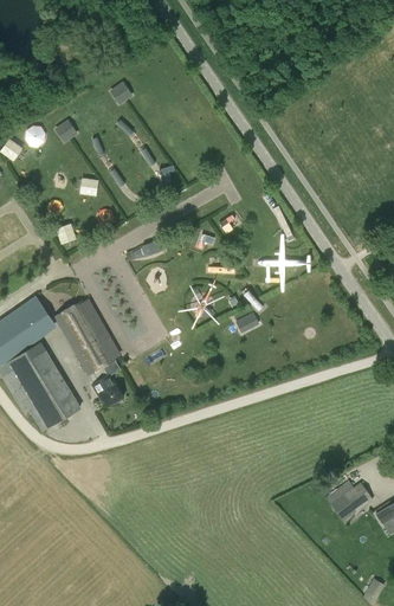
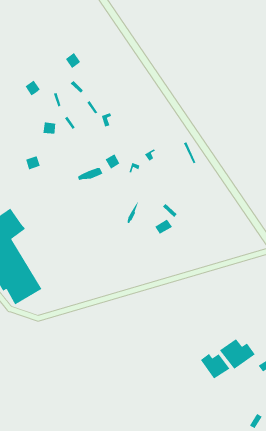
building: [56,298,124,406] -> none
building: none -> [200,353,230,380]

